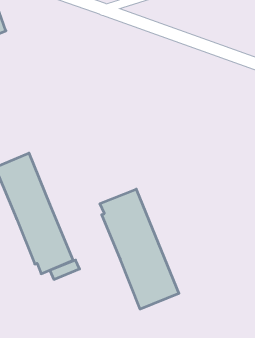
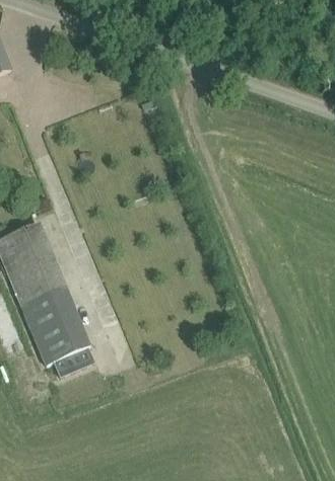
building: [100,189,179,309] -> none

